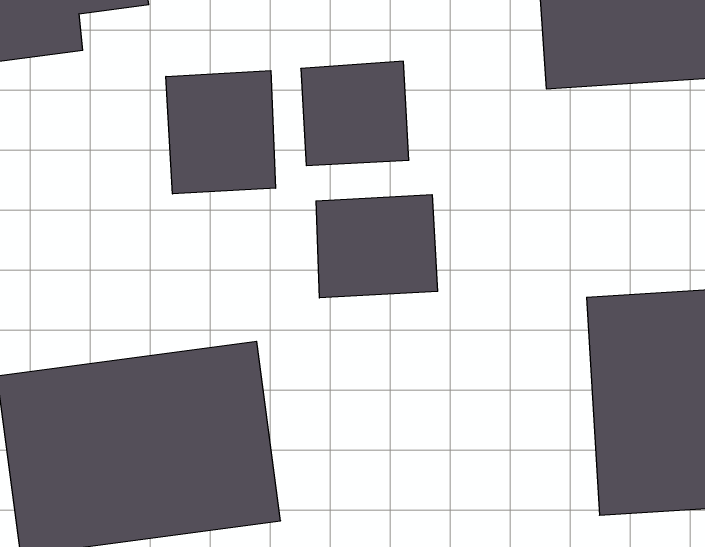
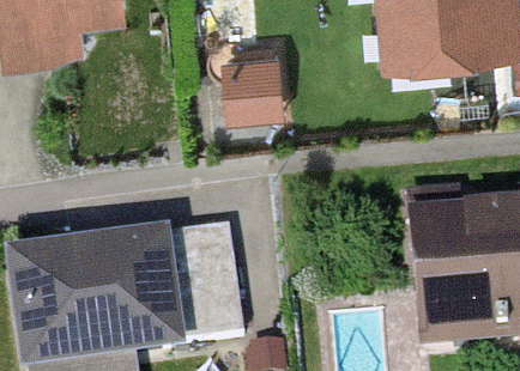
building: [166,71,276,194] -> none
building: [316,195,438,298] -> none

